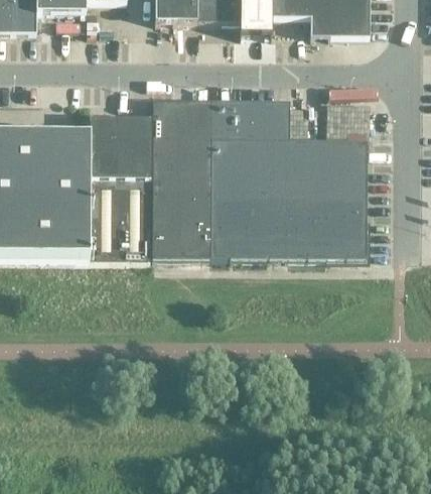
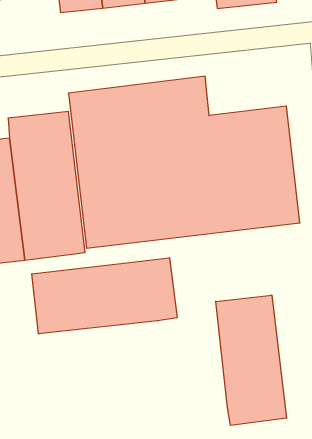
building: none -> [32,258,177,334]
building: none -> [216,295,286,425]

